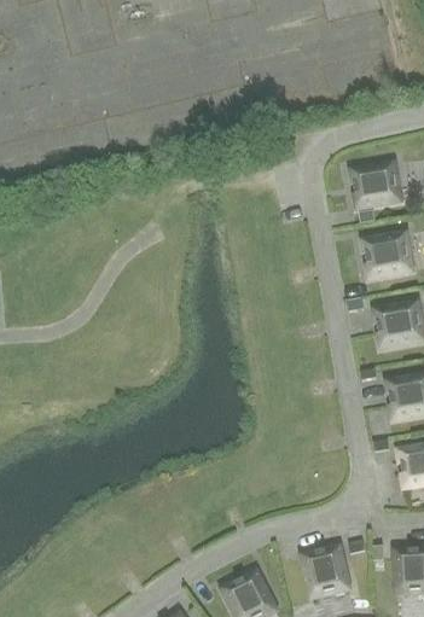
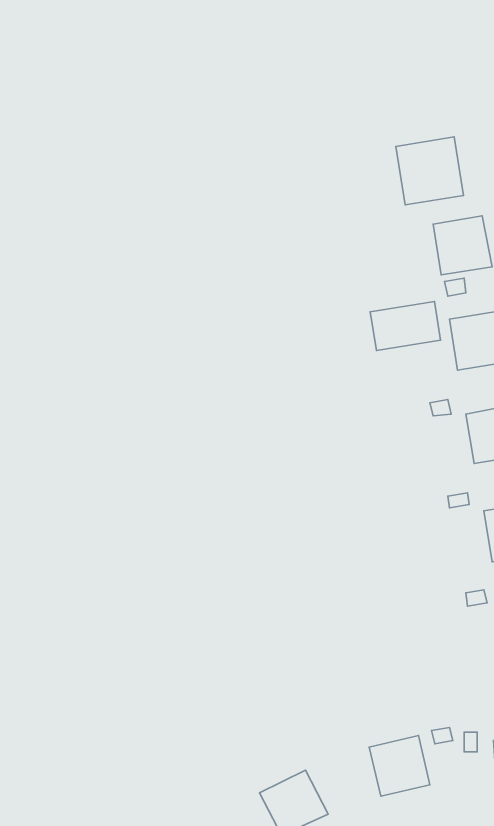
building: none -> [396,137,464,205]
building: none -> [370,301,441,350]

